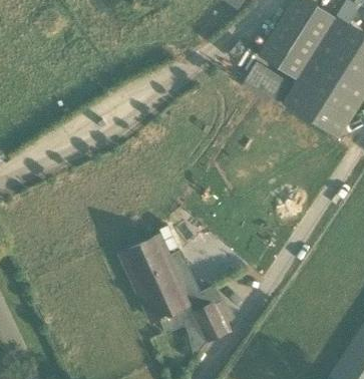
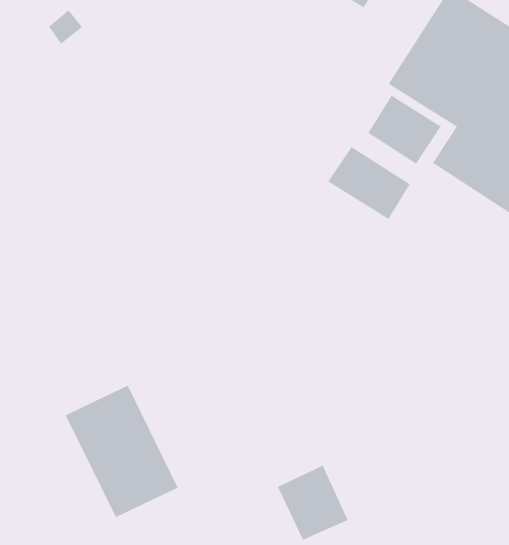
building: none -> [328,146,410,220]
building: [119,236,192,320] -> [65,385,179,518]

